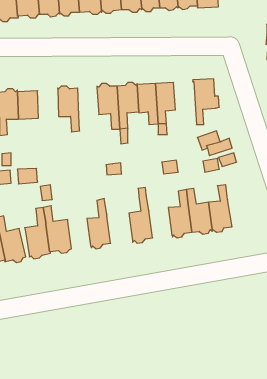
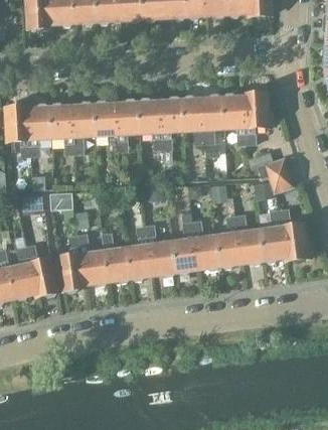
building: none -> [222,95,248,145]
building: none -> [117,100,140,151]
building: none -> [72,102,96,154]
building: none -> [280,208,313,259]
building: none -> [192,221,221,271]
building: none -> [146,225,177,277]
building: none -> [104,233,132,283]

